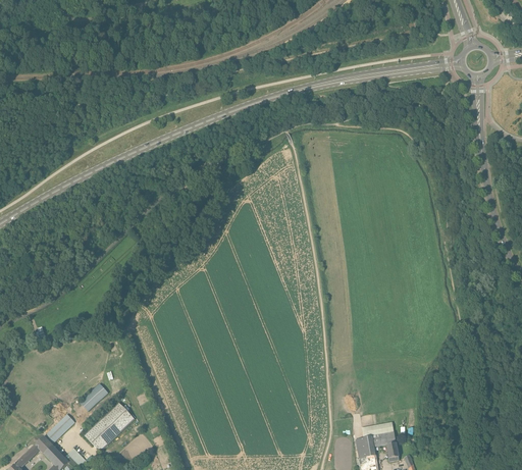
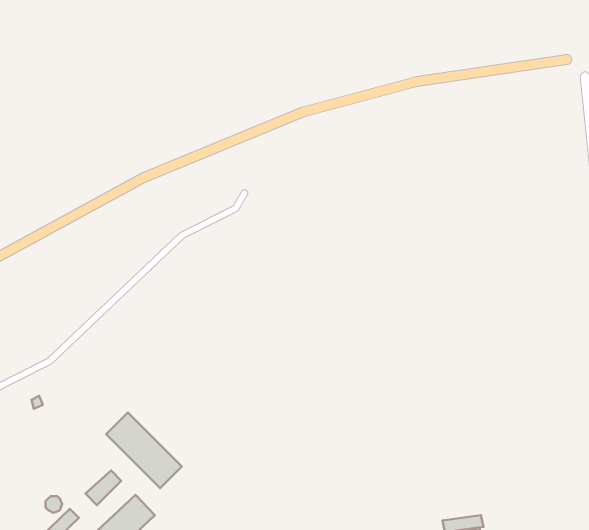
building: none -> [106,412,182,488]

